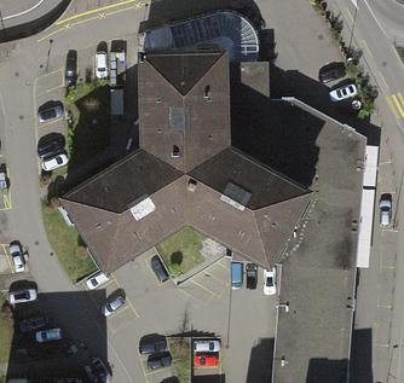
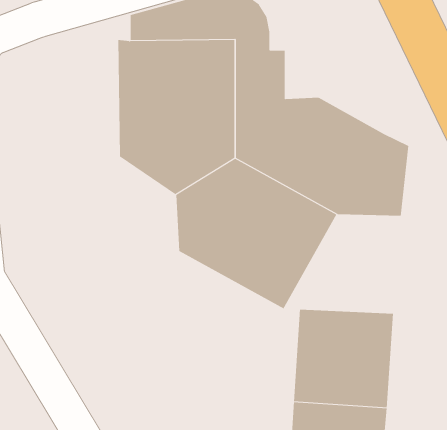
building: [59,146,184,267] -> none
building: [267,192,360,271] -> none

